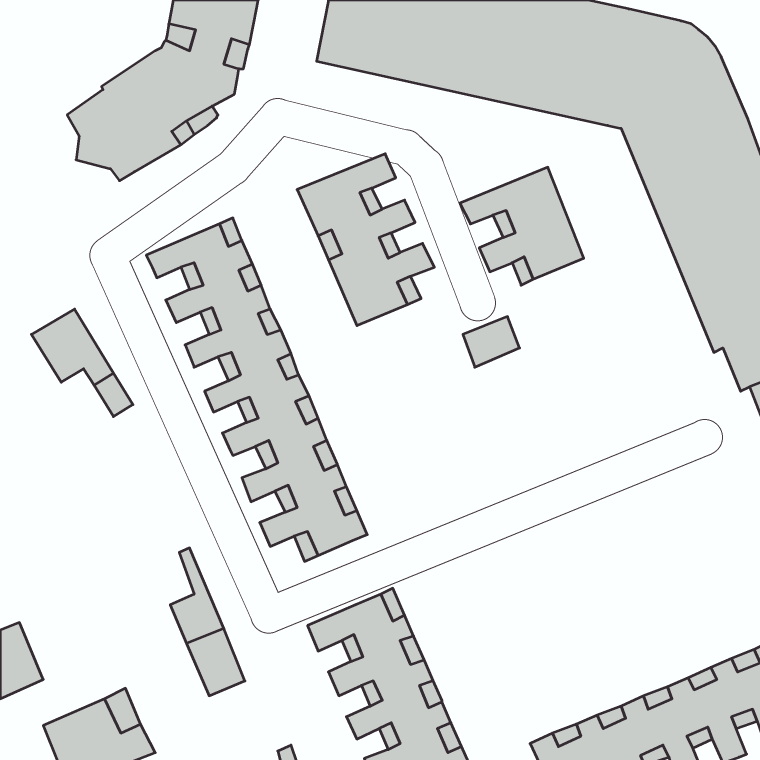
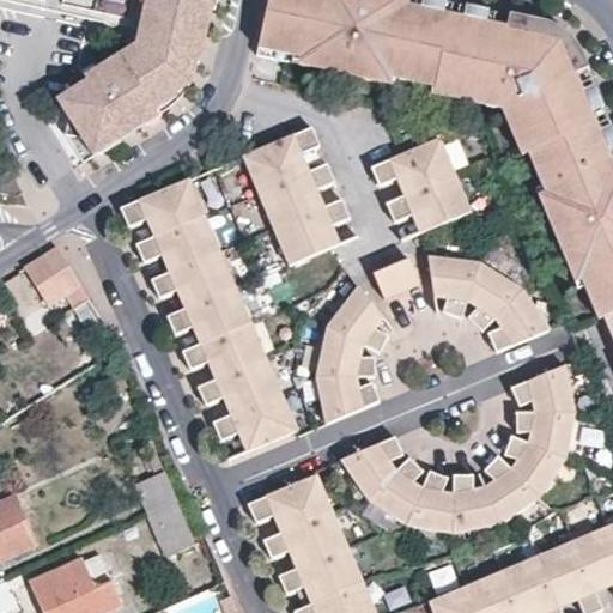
building: none -> [427,255,550,352]
building: none -> [314,284,387,420]
building: none -> [341,365,576,530]

